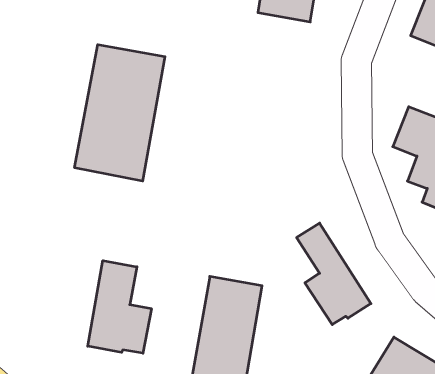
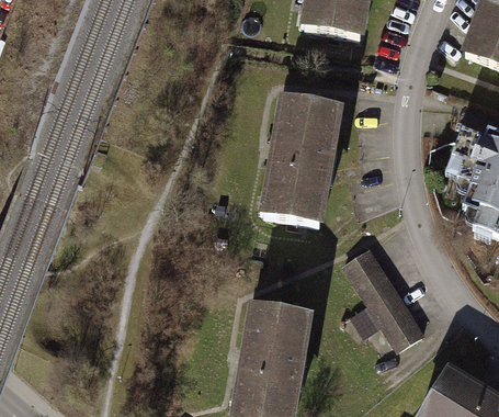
building: [75,45,165,181] -> none
building: none -> [264,95,340,222]
building: [88,261,151,353] -> none

